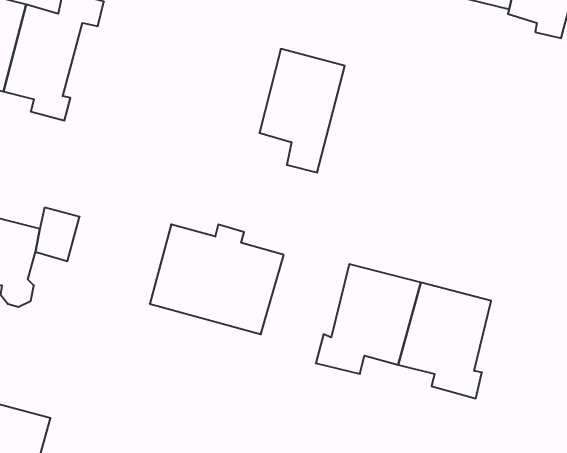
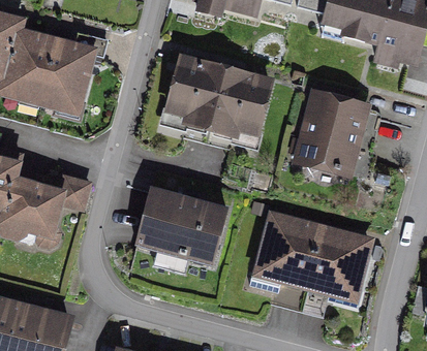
building: none -> [163,58,225,135]
building: none -> [291,93,376,179]

